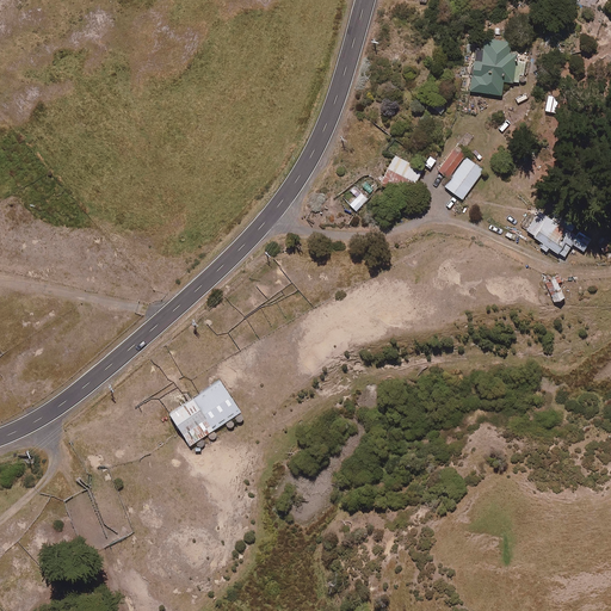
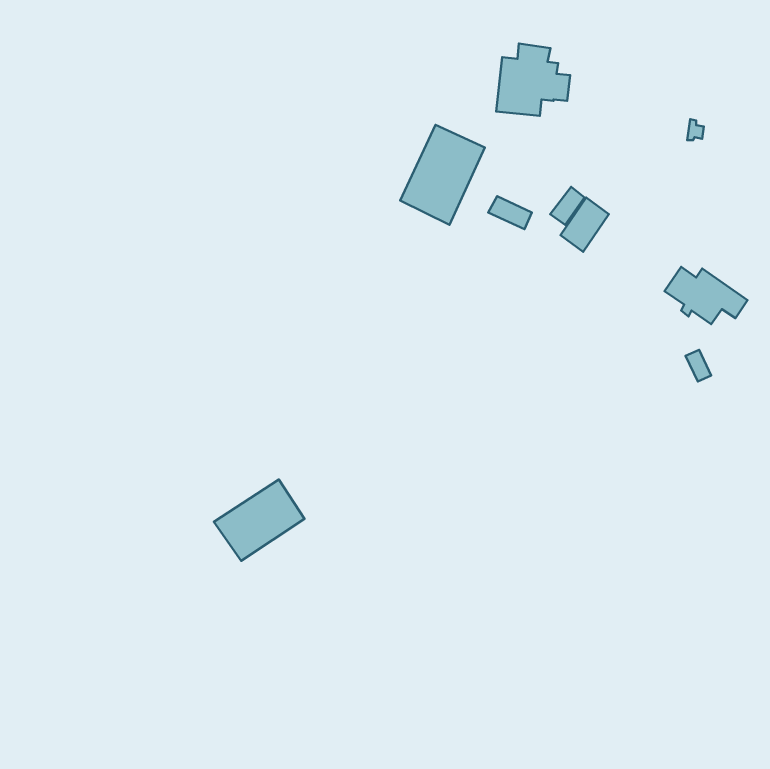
building: [467,38,525,95] -> [496,44,570,116]
building: none -> [400,125,485,225]

